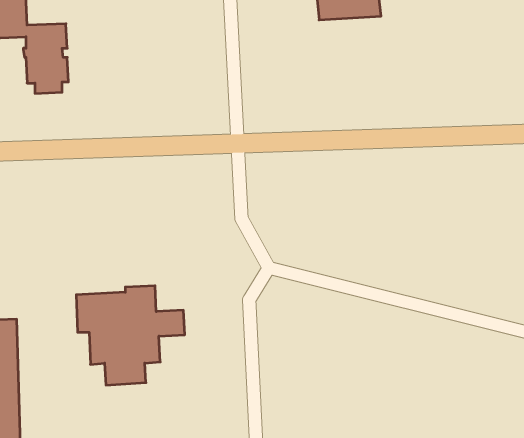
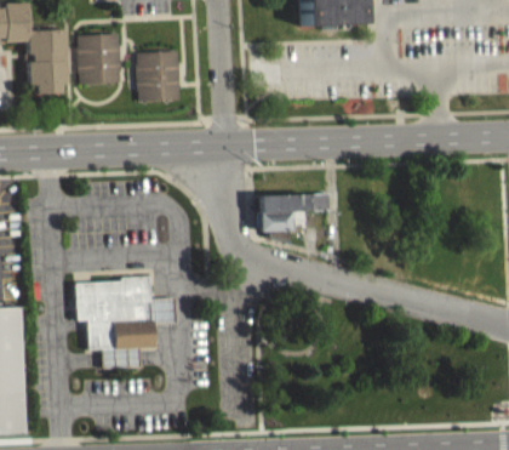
building: none -> [80,30,124,81]
building: none -> [139,49,183,98]
building: none -> [257,200,328,239]

